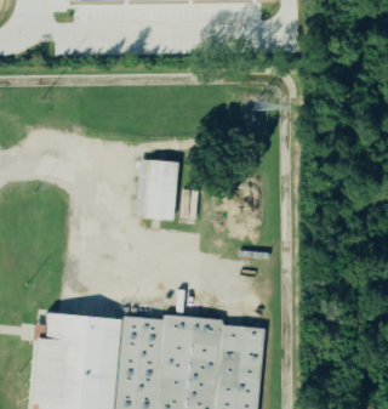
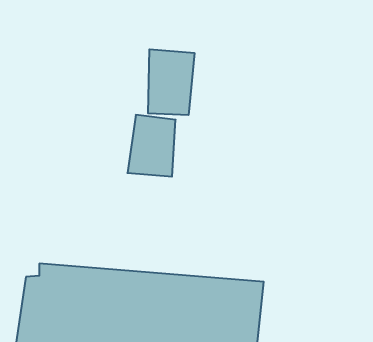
building: none -> [148,49,194,115]

